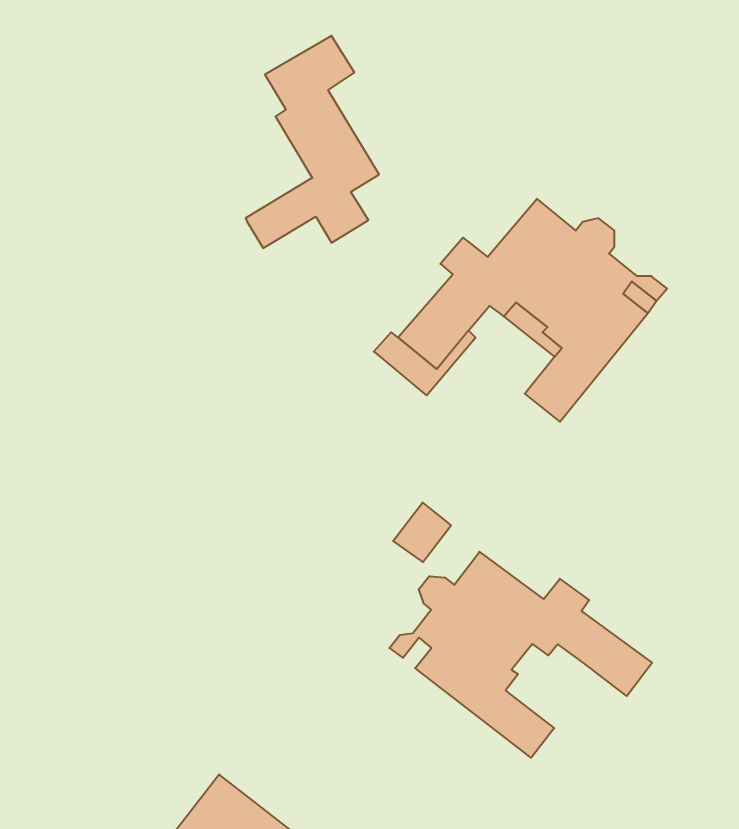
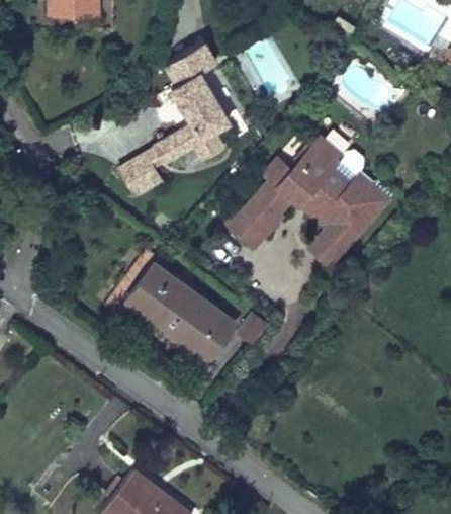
building: none -> [115,151,160,199]
building: none -> [123,261,240,366]
building: [389,552,652,758] -> none

